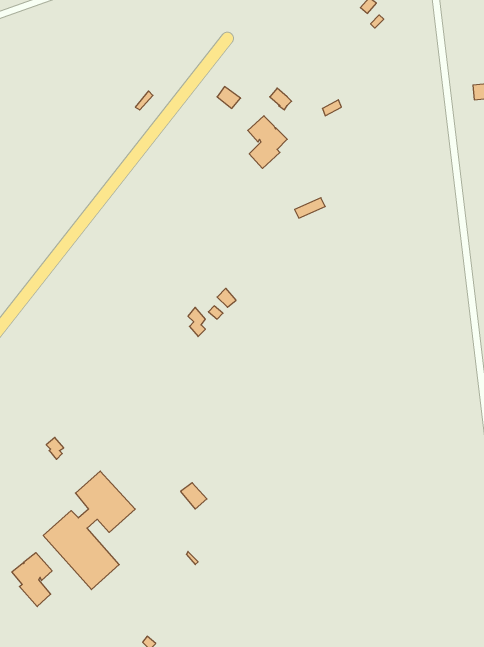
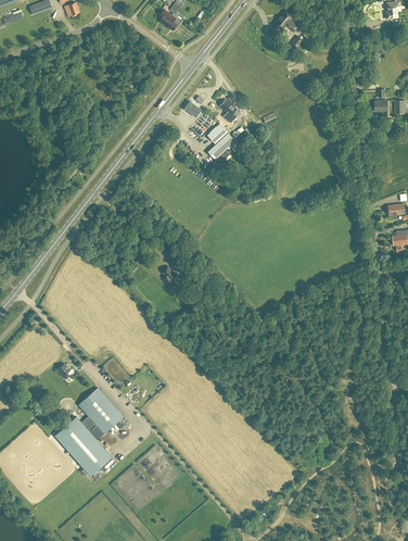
building: [12,553,52,607] -> none

